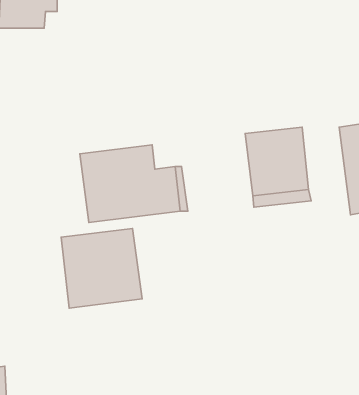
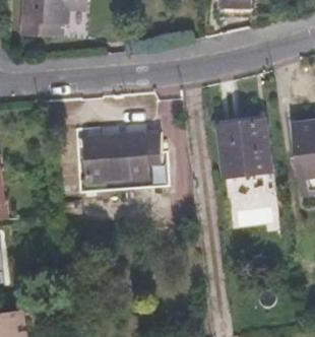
building: [61,229,142,308] -> none

